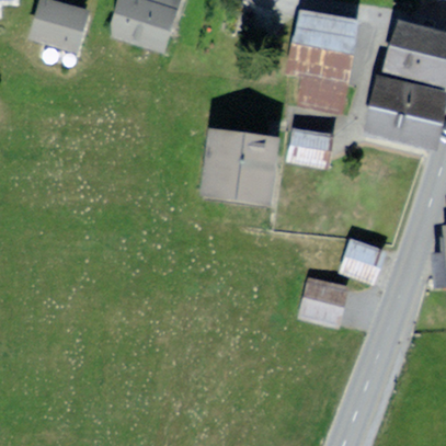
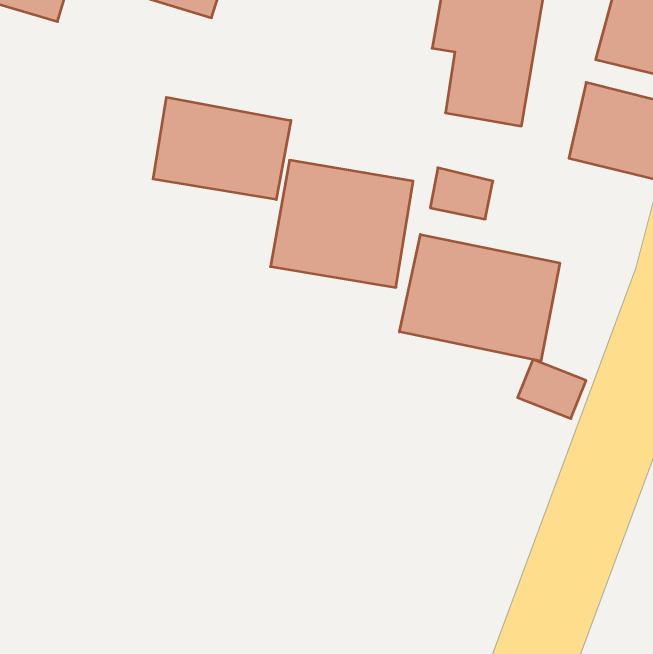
building: none -> [153,97,291,200]
building: none -> [399,234,560,361]
building: [302,281,344,319] -> none

